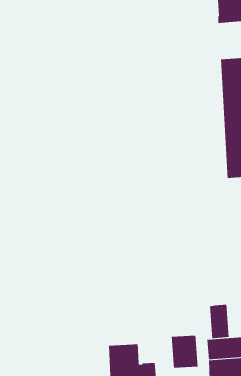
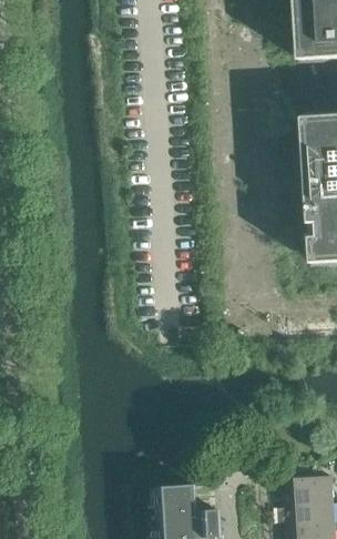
building: [210,304,229,339] -> none
building: [171,335,198,369] -> none

